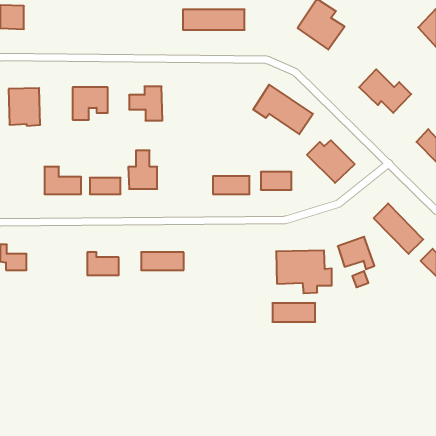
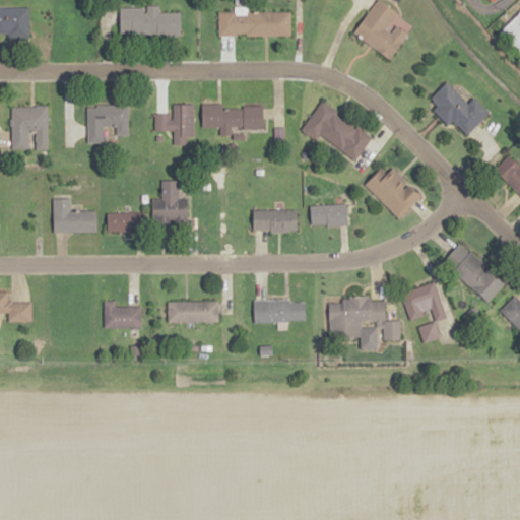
building: none -> [120,7,181,39]
building: none -> [203,104,264,129]
building: [272,303,315,322] -> [255,300,306,322]

